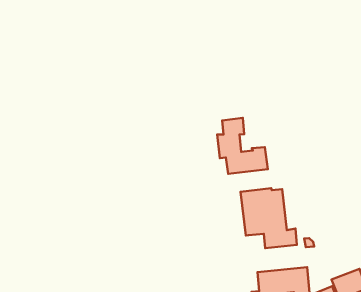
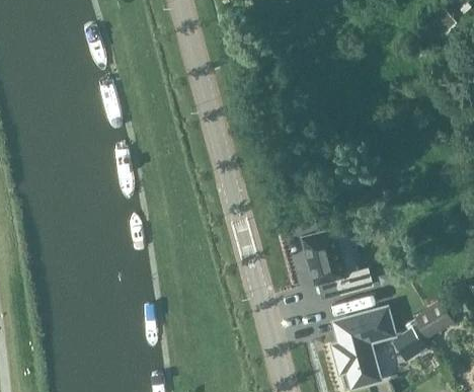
building: [217,118,268,174] -> none

